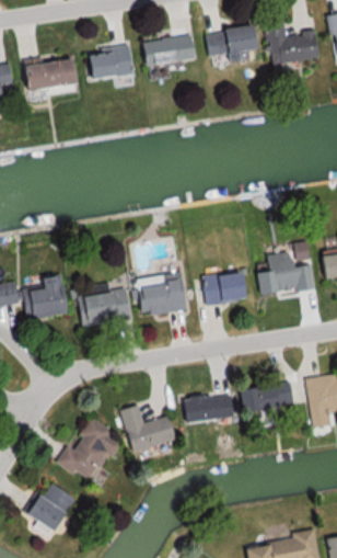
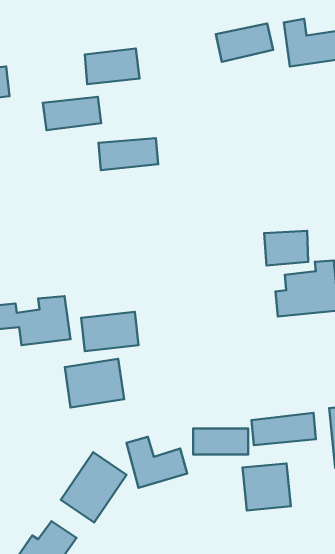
building: [142,35,197,65] -> [99,138,158,170]
building: [20,59,73,90] -> [43,97,101,130]
building: [136,272,190,317] -> [65,359,124,408]
building: [202,273,243,305] -> [264,231,308,265]
building: none -> [243,463,291,510]

